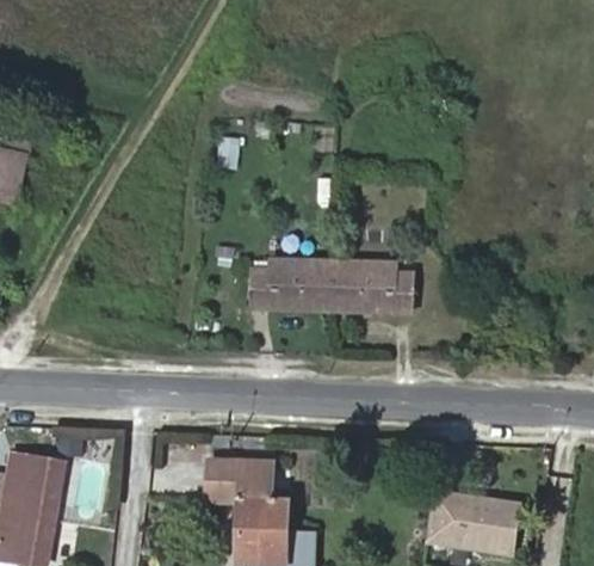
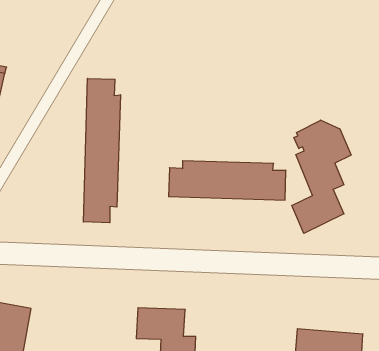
building: none -> [83,78,120,223]
building: none -> [292,120,351,233]

